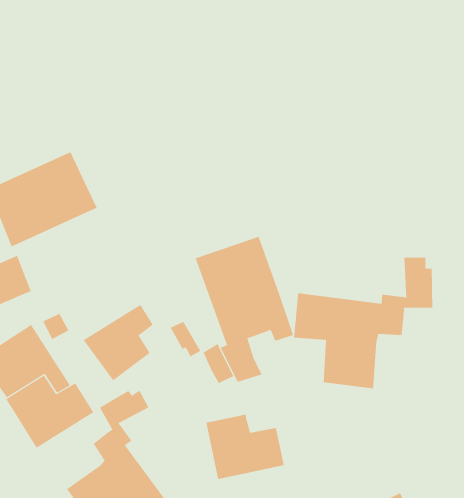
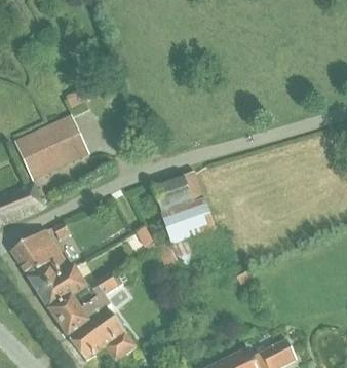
building: [293,257,433,389] -> none
building: [83,304,154,381] -> [48,287,94,337]
building: [206,414,285,480] -> none

